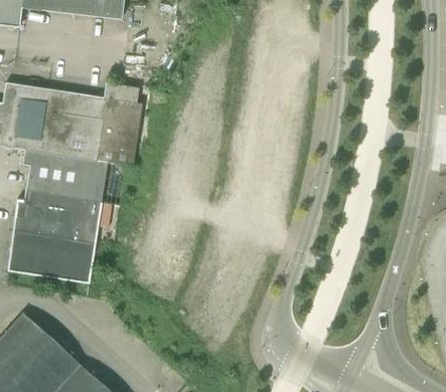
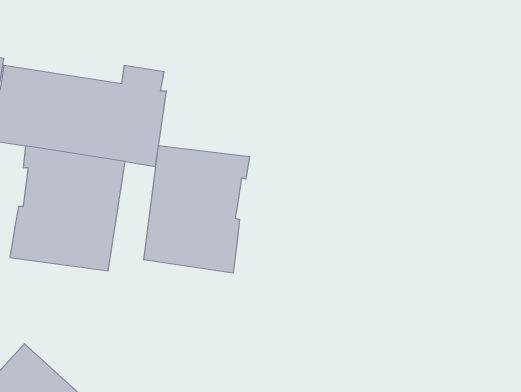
building: none -> [144,145,250,273]
building: [7,242,93,282] -> none

